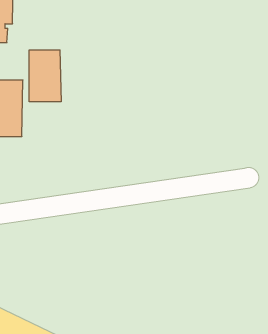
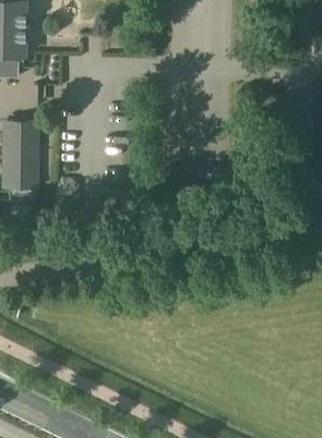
building: [29,50,61,102] -> none

